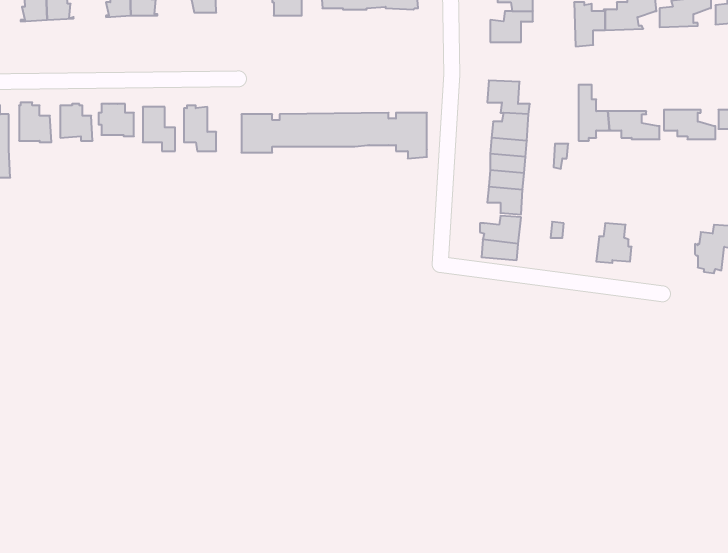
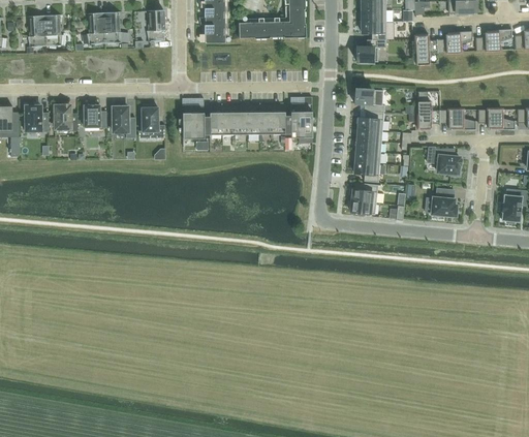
building: none -> [427,147,460,176]

